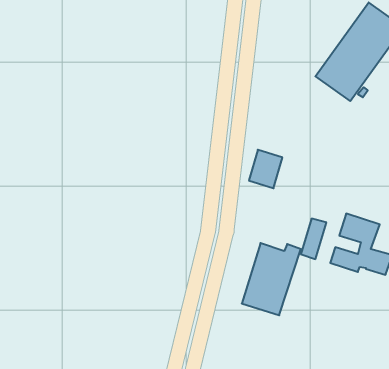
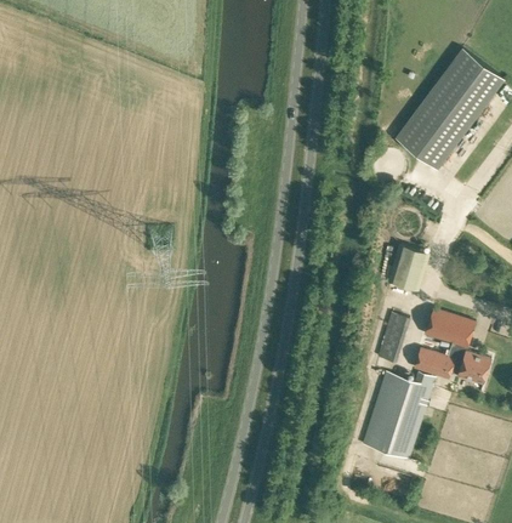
building: [249,150,282,188] -> [387,244,428,291]
building: [242,243,301,315] -> [362,371,434,460]

